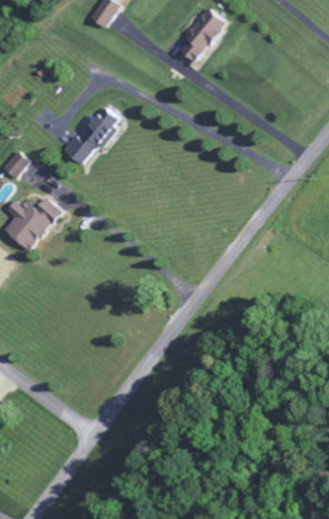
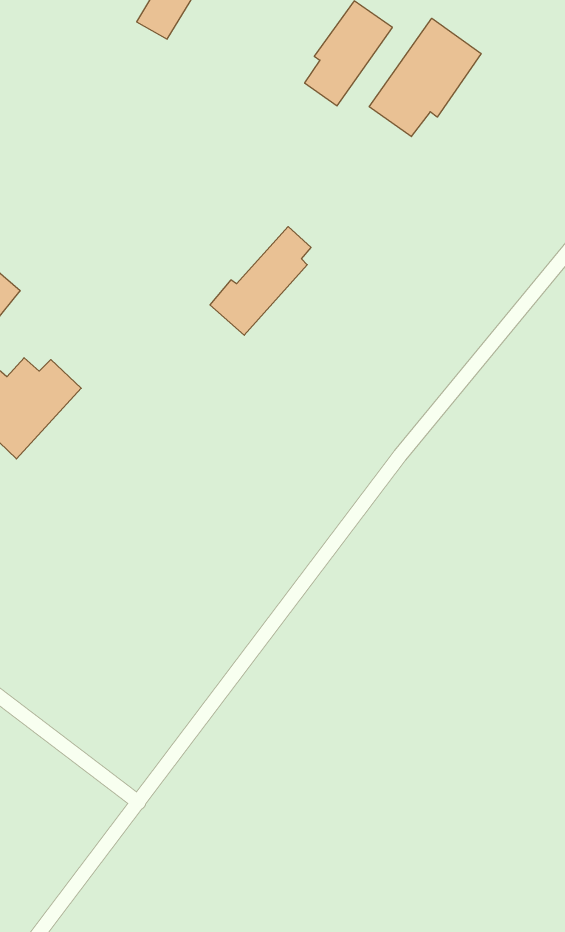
building: none -> [369,18,481,137]
building: [64,107,117,165] -> [210,227,311,335]

